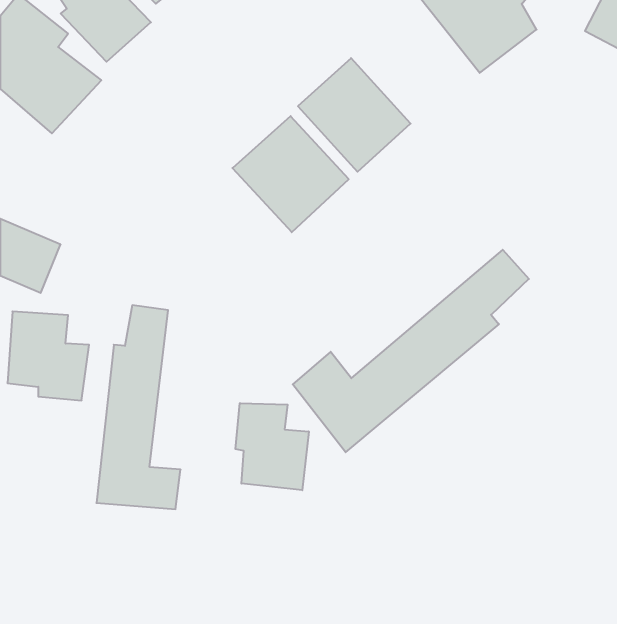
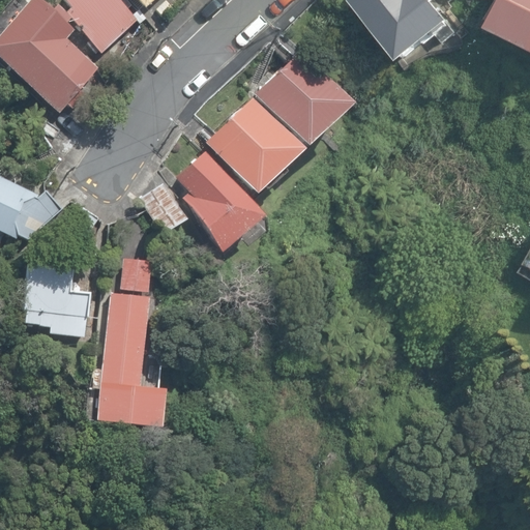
building: none -> [179,151,265,251]
building: [293,250,529,452] -> none
building: [235,403,309,490] -> none

